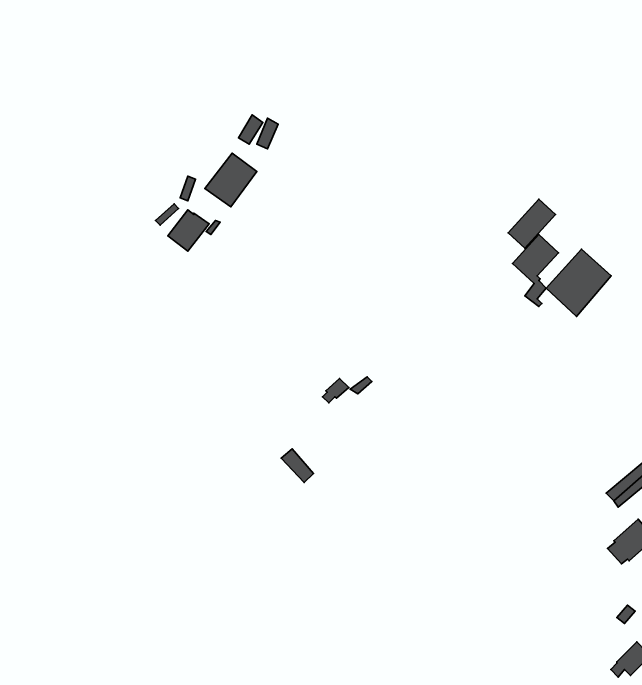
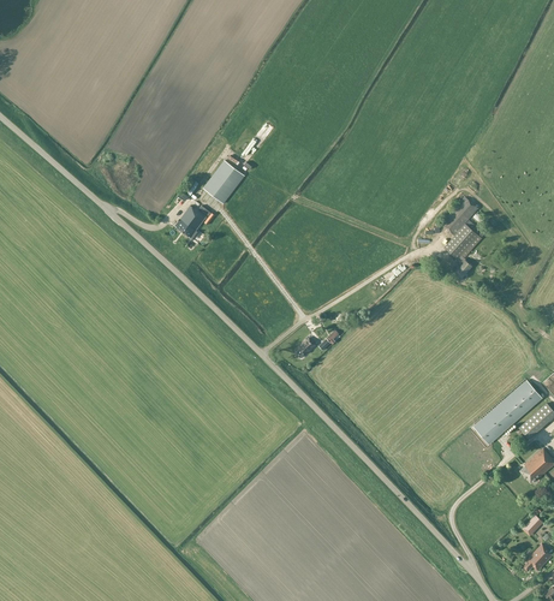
building: [546,249,611,316] -> none
building: none -> [476,382,541,442]

